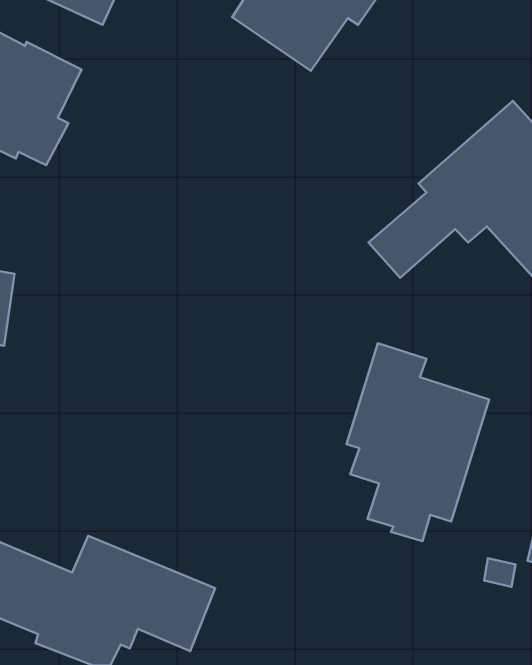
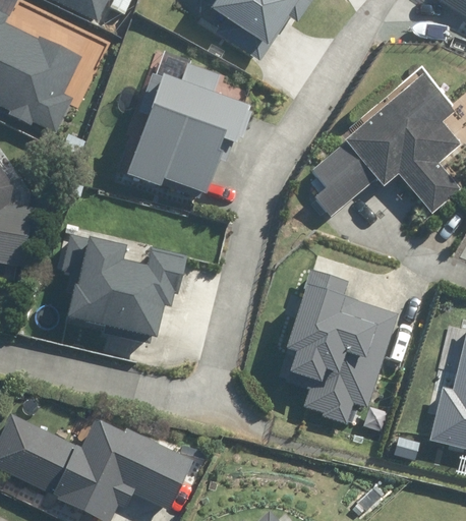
building: none -> [113,65,246,204]
building: none -> [61,230,188,334]

